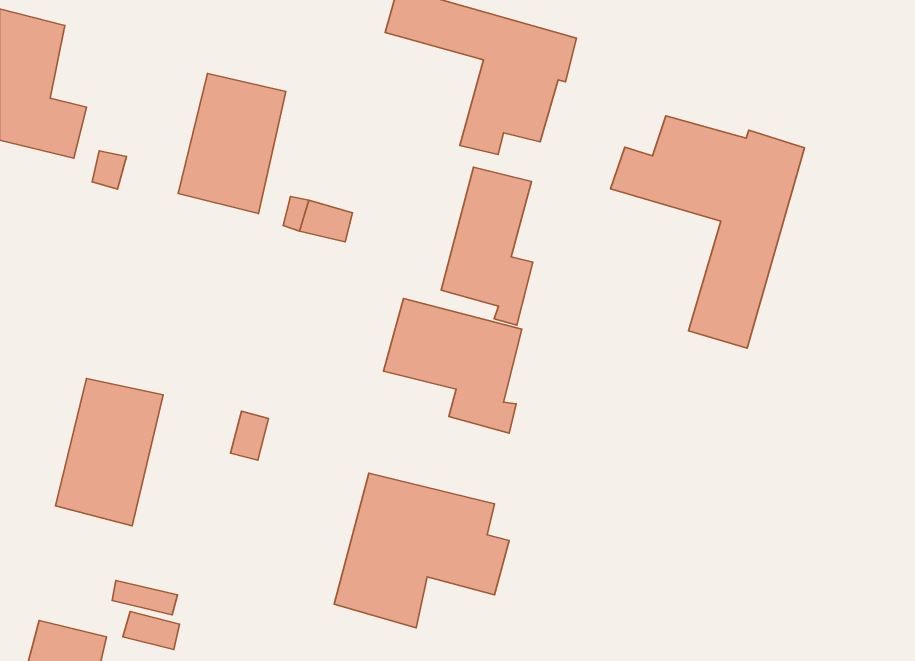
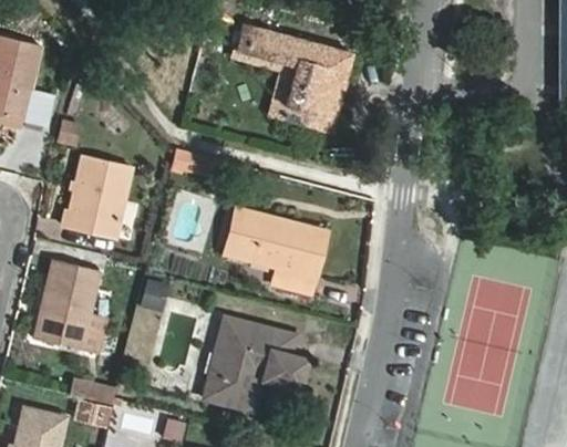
building: [178,73,286,213] -> [65,155,131,240]
building: [610,116,804,348] -> none
building: [441,167,533,325] -> none

